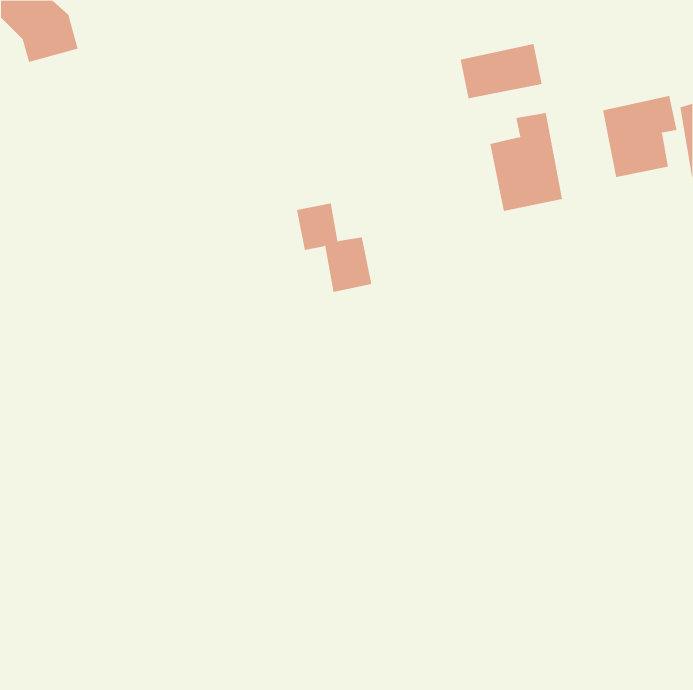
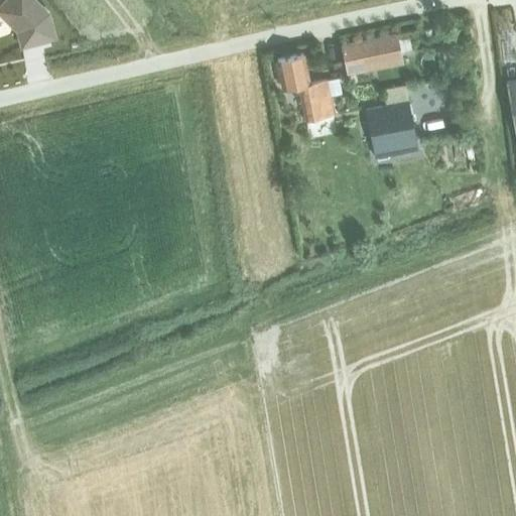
building: [602,95,677,178] -> none
building: [296,203,372,292] -> [277,54,334,121]

